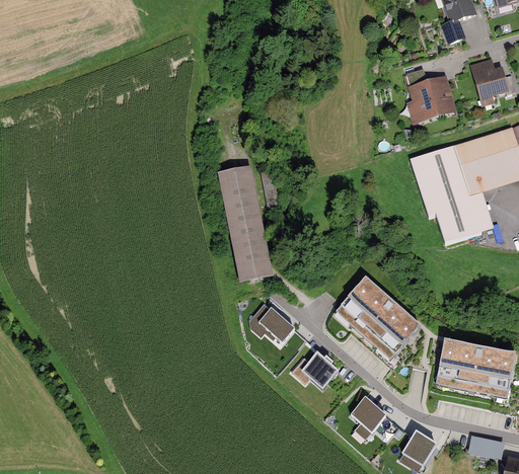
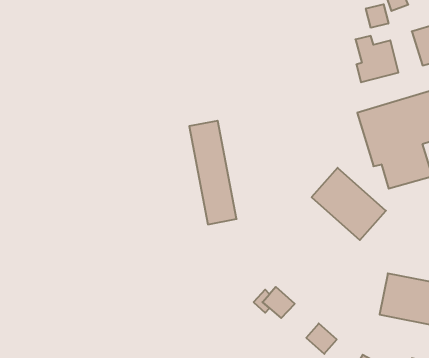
building: none -> [366,4,388,28]
building: [337,278,421,360] -> [312,168,386,240]
building: [257,309,297,347] -> none

